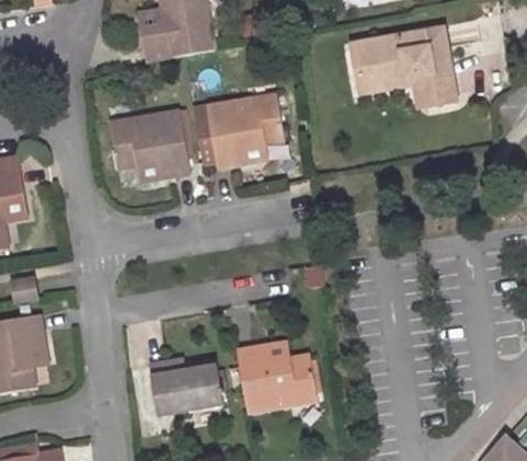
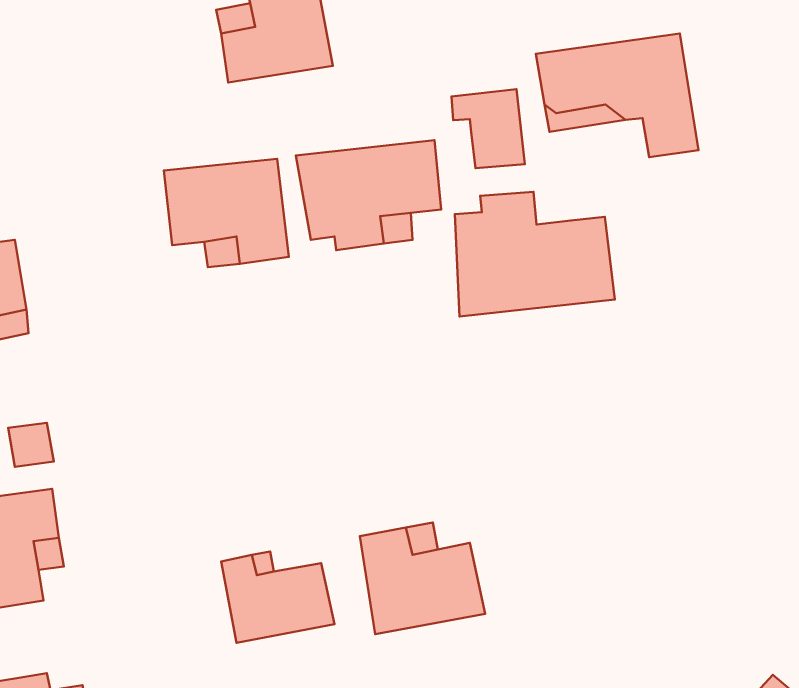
building: none -> [451,89,525,168]
building: none -> [455,192,615,317]

